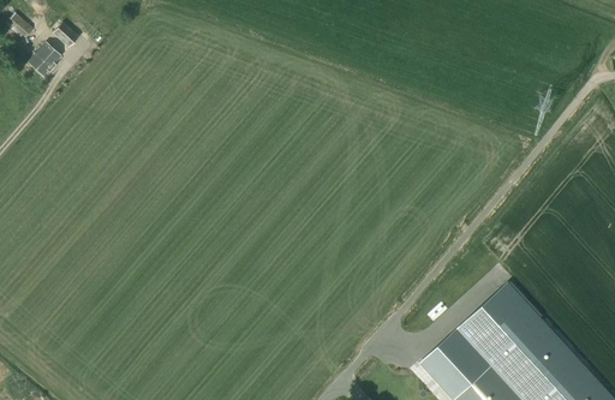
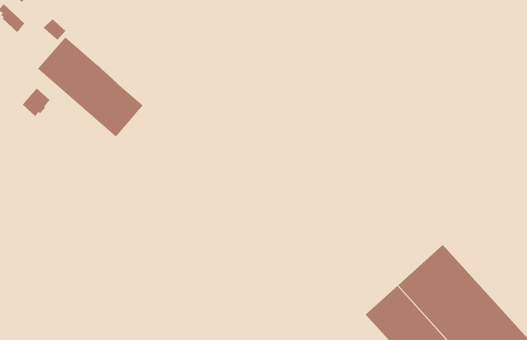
building: [28,42,60,76] -> [22,88,50,117]
building: none -> [37,37,143,138]

